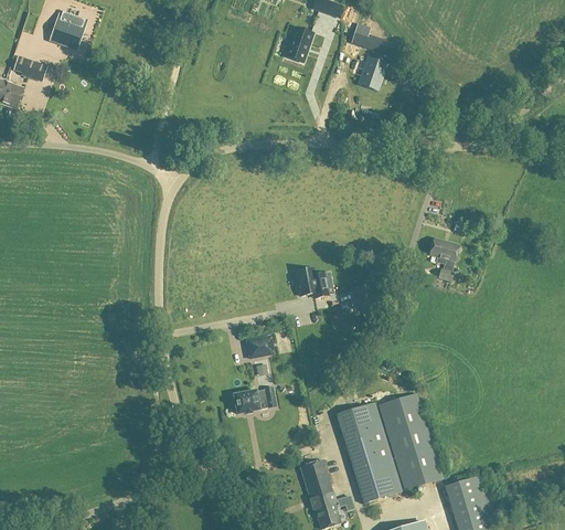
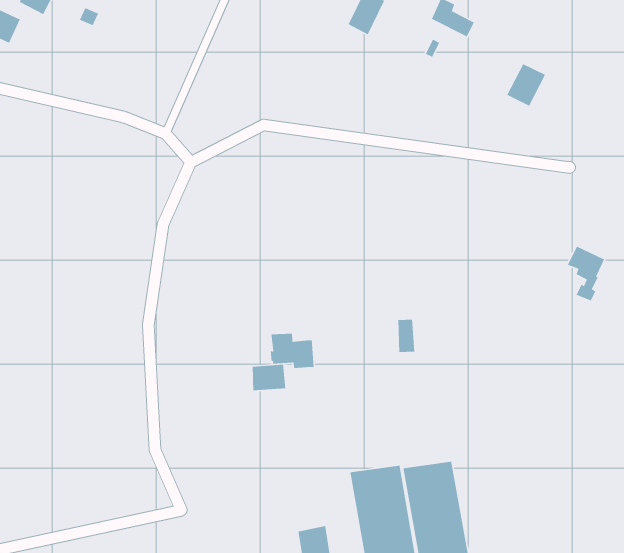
building: [356,56,386,91] -> [506,63,546,107]
building: [427,237,457,280] -> [567,246,605,301]
building: [295,267,333,296] -> [270,333,314,369]
building: [233,386,275,413] -> none

